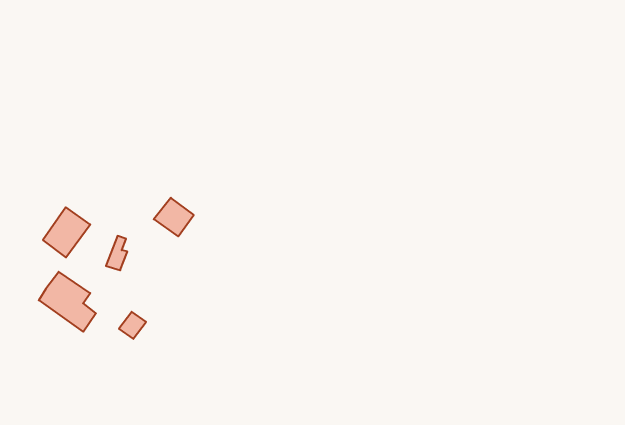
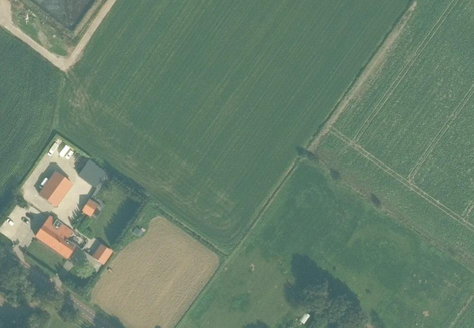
building: [154,198,194,236] -> [78,159,106,187]

